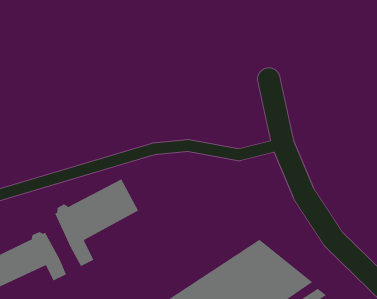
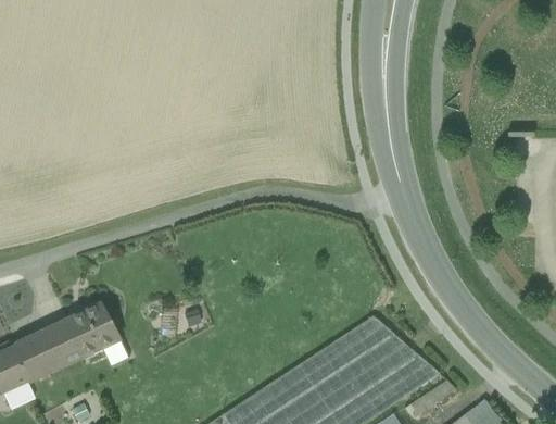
building: [55,178,139,267] -> none

